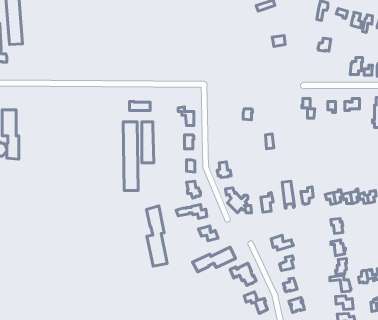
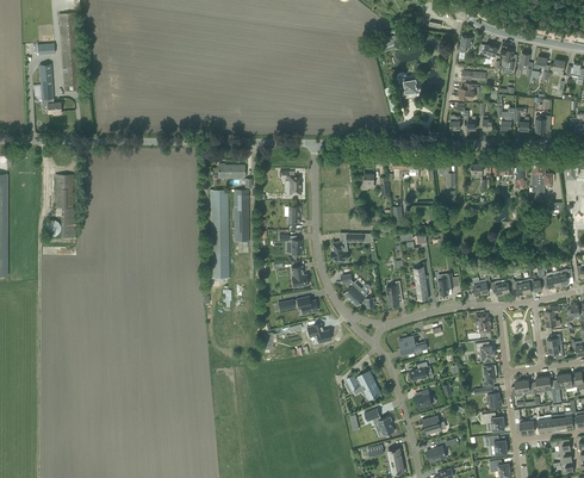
building: [147,206,167,266] -> none
building: [192,247,235,272] -> none

